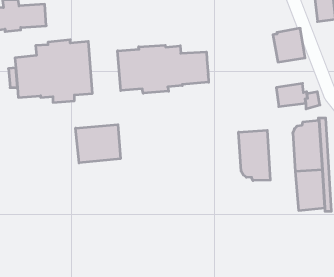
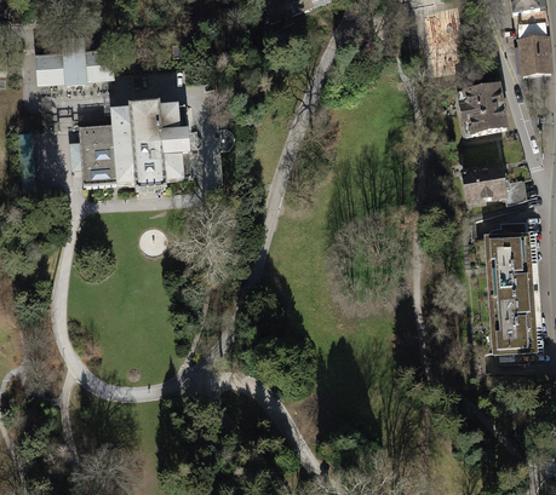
building: [118,45,209,93] -> none
building: [76,125,120,163] -> none
building: [239,130,270,181] -> none

